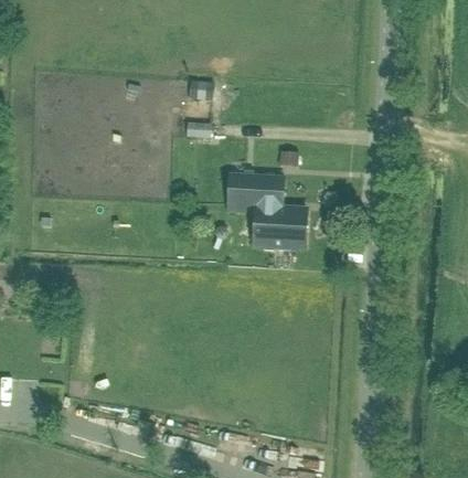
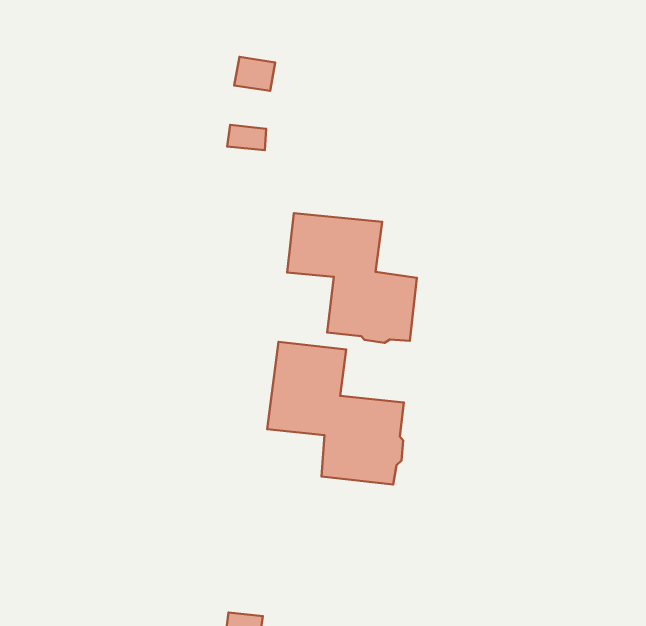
building: none -> [267,342,404,485]

